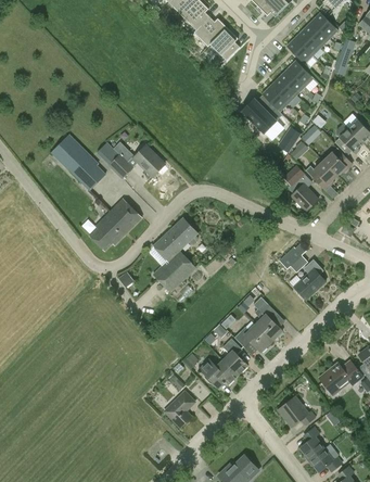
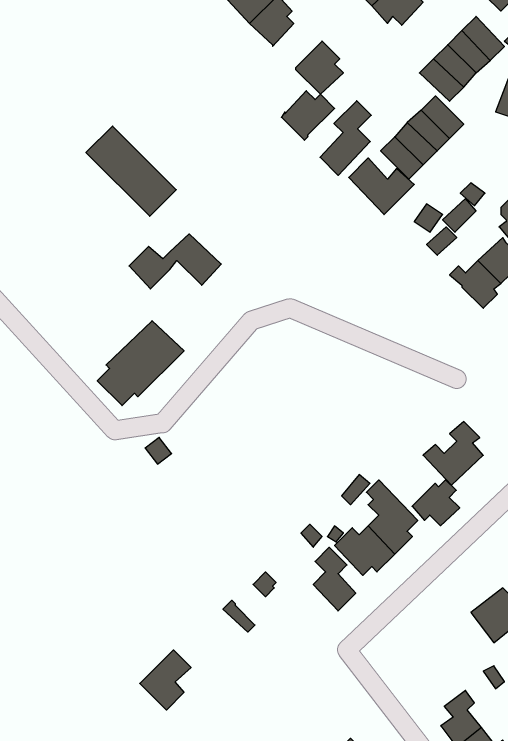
building: [194,16,227,47] -> [281,91,335,140]
building: none -> [320,101,371,175]
building: [51,136,106,191] -> [86,126,176,216]
building: [289,169,318,211] -> none
building: [152,217,197,293] -> none
building: [279,244,308,272] -> [412,480,460,526]
building: [199,358,237,389] -> none
building: [164,391,195,428] -> [140,650,191,710]
building: [278,396,316,427] -> none

